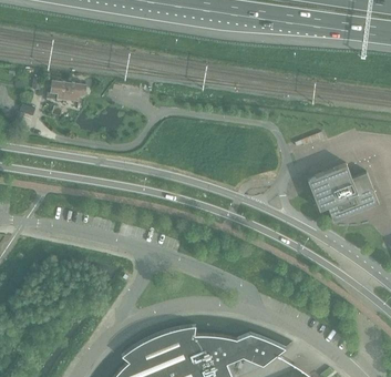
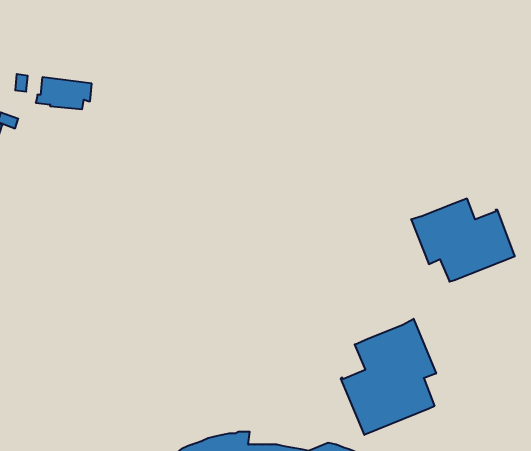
building: none -> [341,319,436,435]

